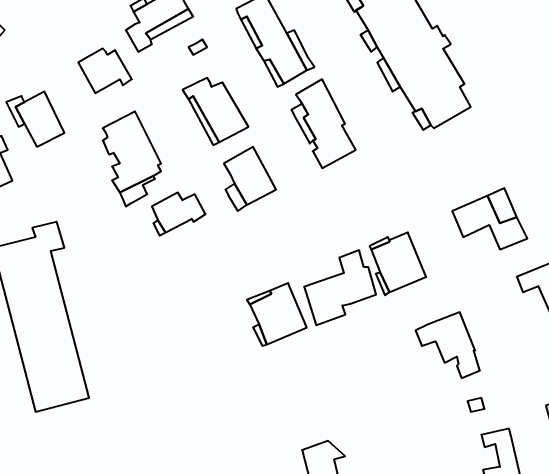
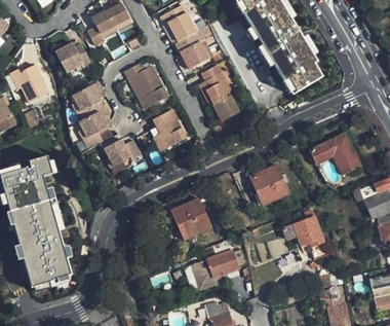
building: [304,250,376,325] -> [189,241,237,291]

